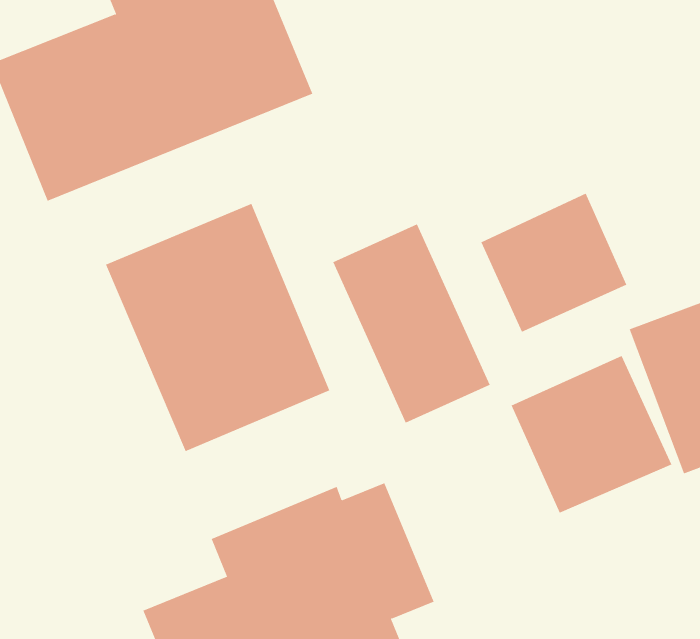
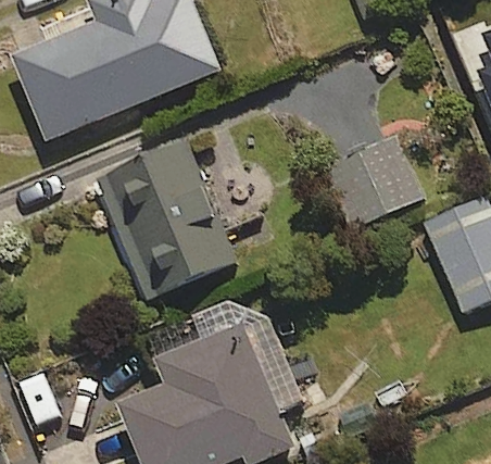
building: [333,223,490,424] -> none
building: [511,355,672,514] -> none

